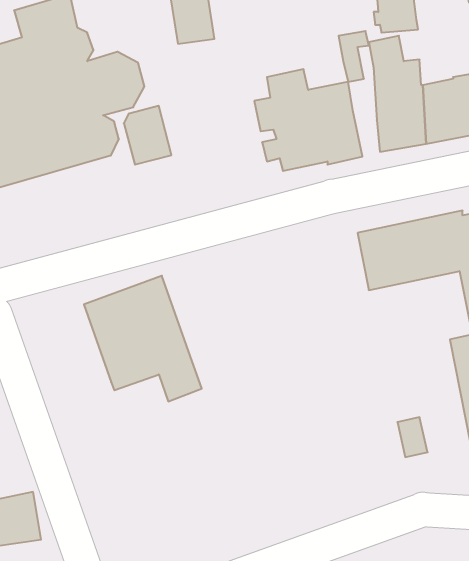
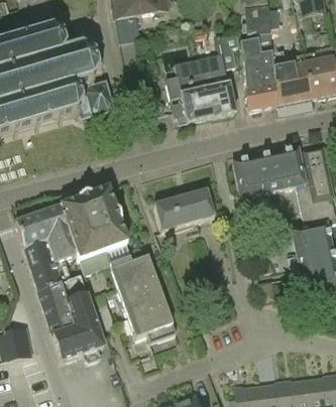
building: none -> [153,188,214,231]
building: none -> [15,207,103,364]
building: none -> [110,255,176,343]

